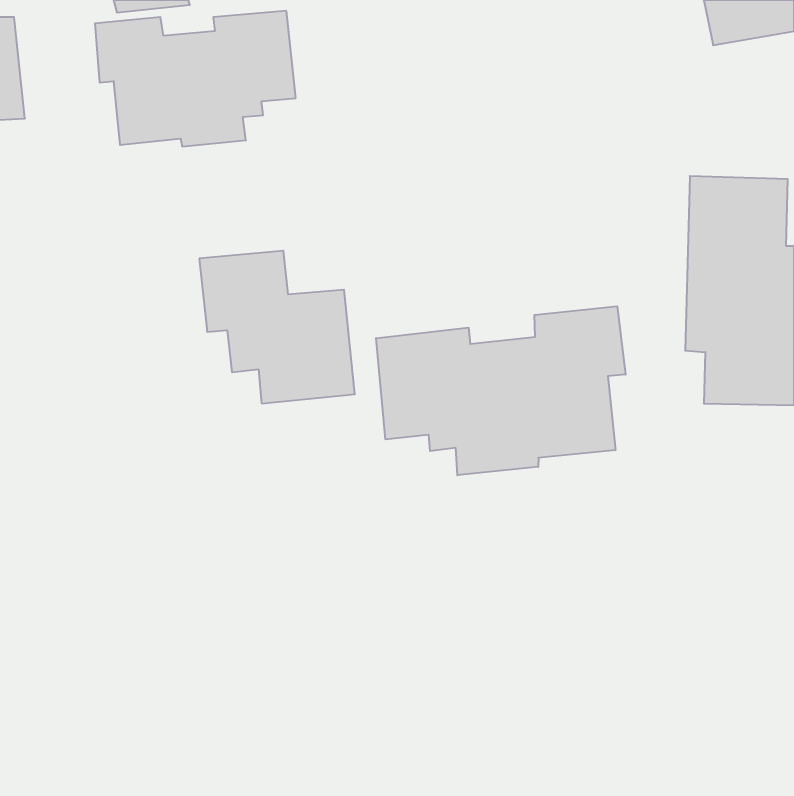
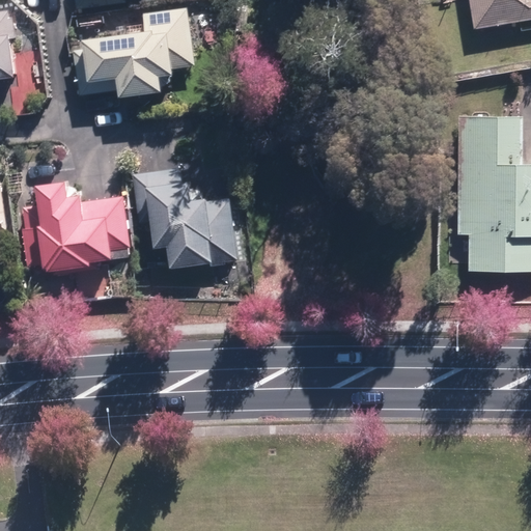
building: none -> [21,181,130,272]
building: [376,306,626,475] -> none

